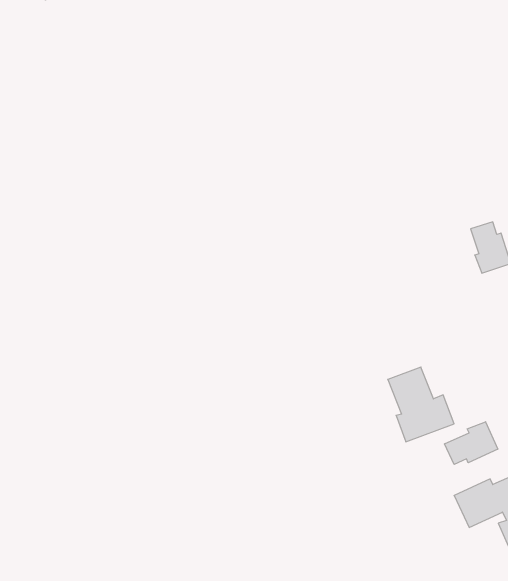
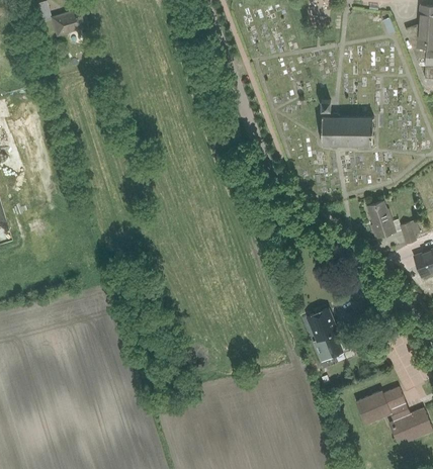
building: none -> [324,116,372,142]
building: [445,422,498,464] -> none

